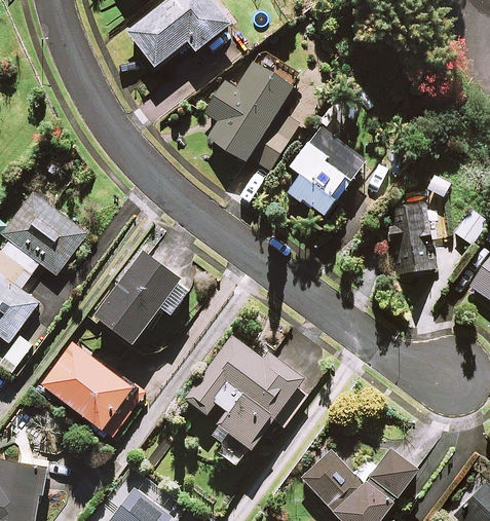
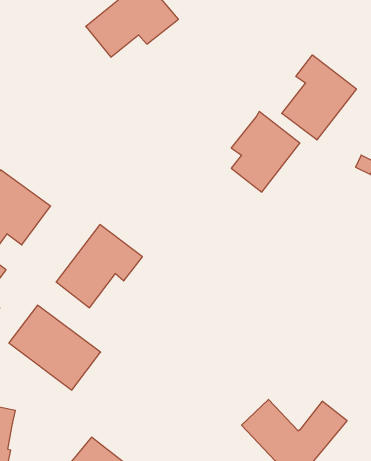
building: [205,62,299,172] -> none
building: none -> [282,55,356,140]
building: [387,203,435,275] -> none
building: [185,336,308,466] -> none

